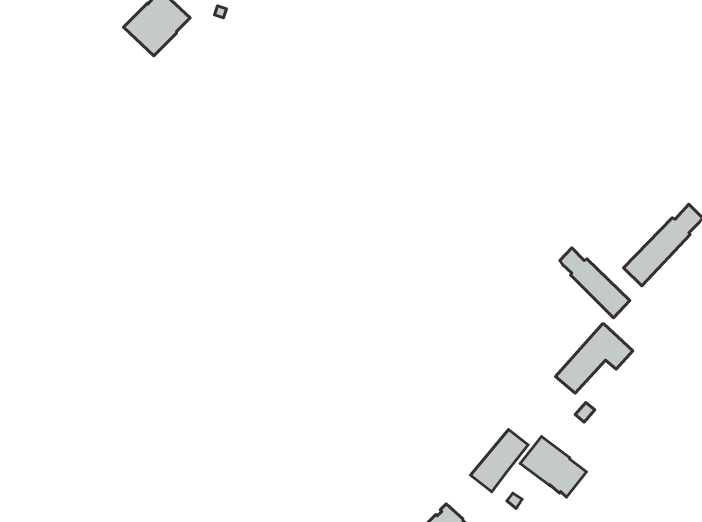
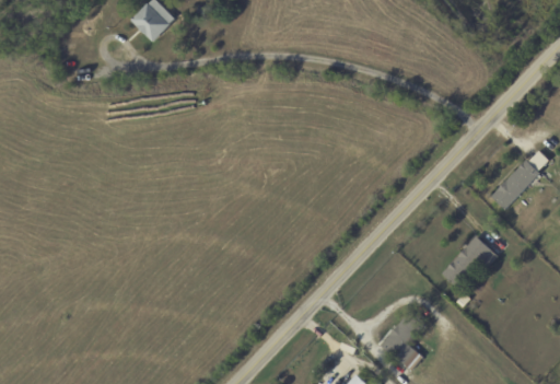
building: [560,248,630,318] -> none
building: [520,437,587,497] -> none

